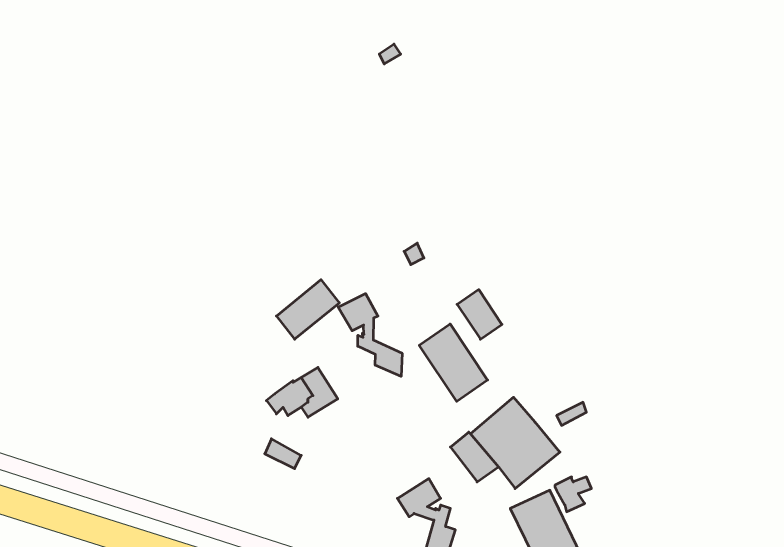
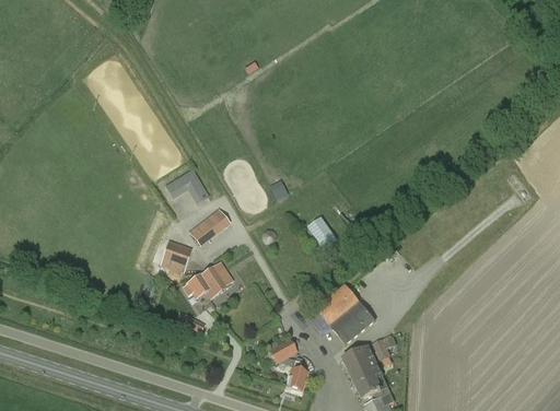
building: none -> [165,167,209,203]
building: [338,294,402,376] -> none
building: [419,324,488,401] -> none
building: none -> [160,238,191,271]

